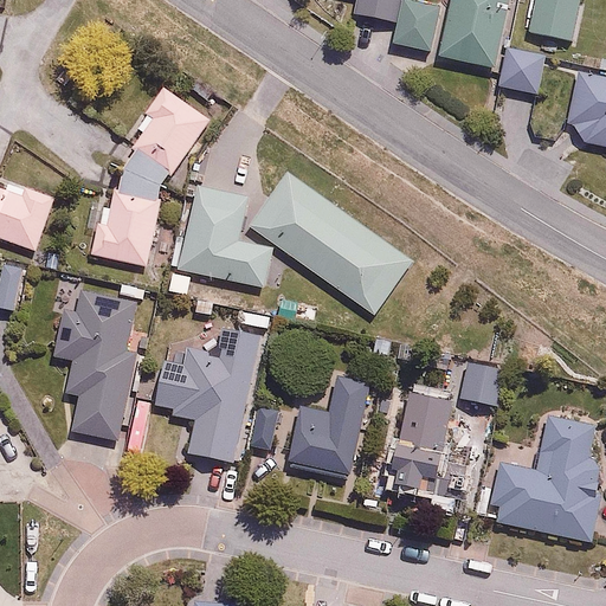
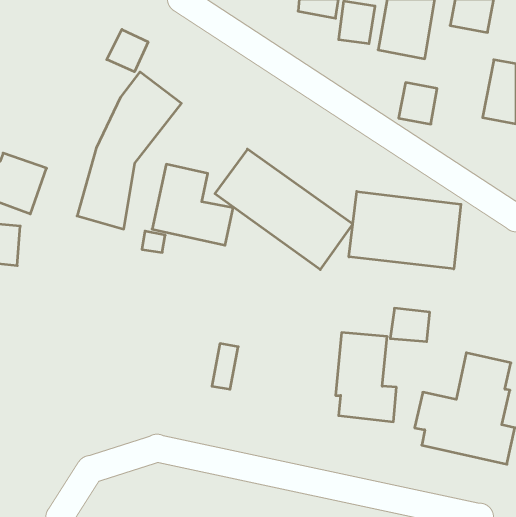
building: none -> [107,29,148,72]
building: [499,46,544,95] -> [399,83,437,124]
building: none -> [349,191,461,269]
building: [51,290,136,439] -> none
building: [153,329,259,465] -> none
building: [288,376,370,484] -> none

